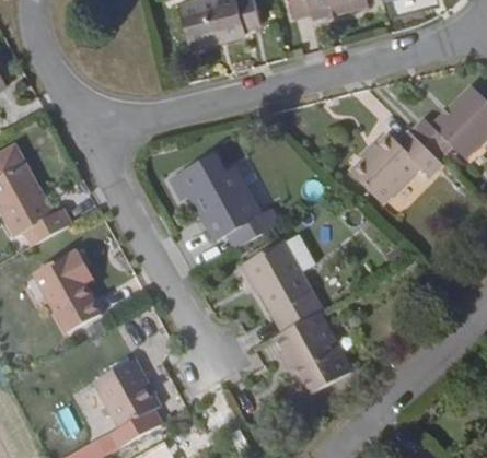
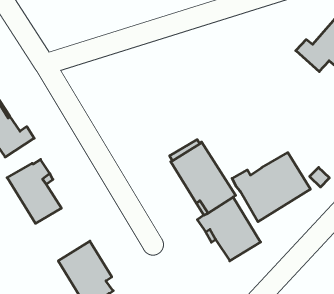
building: [349,131,442,204] -> none
building: [170,154,279,248] -> none
building: none -> [232,153,310,222]

